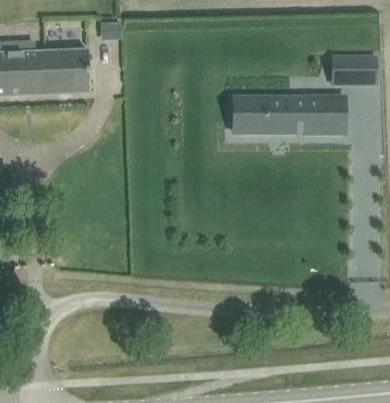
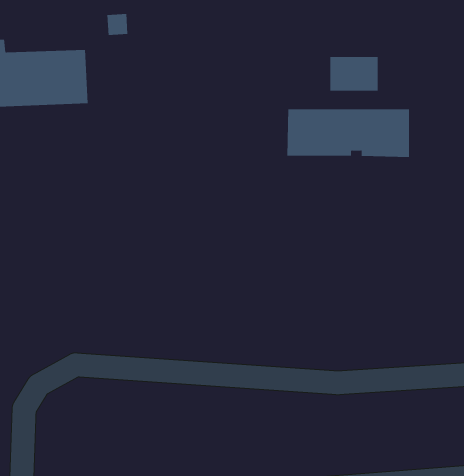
building: [337,55,375,83] -> [330,56,378,91]

